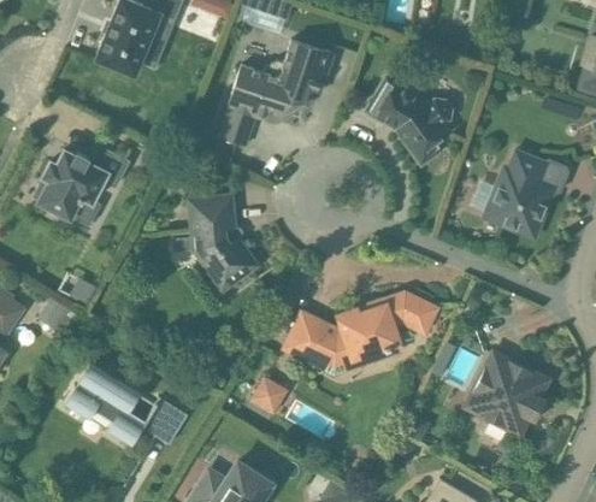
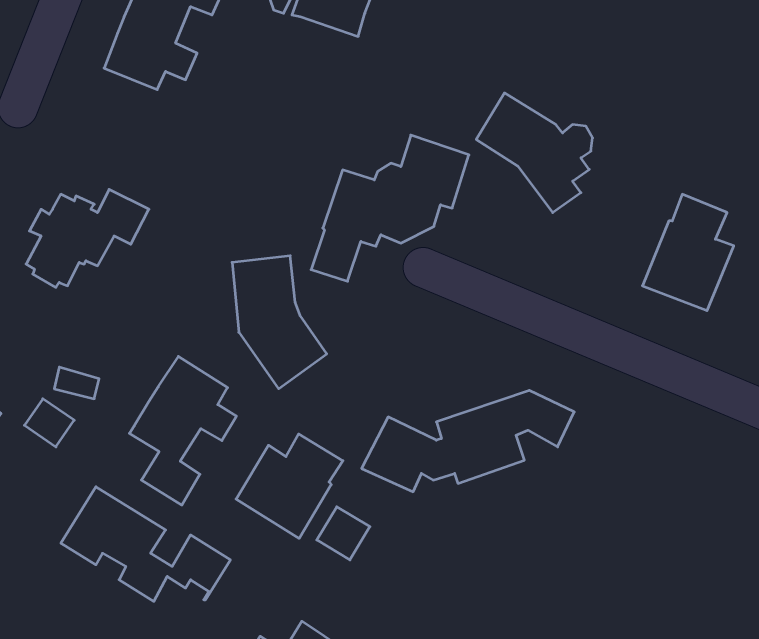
building: [219,40,334,146] -> [311,135,469,281]
building: none -> [129,356,236,505]
building: none -> [236,434,343,538]
building: [465,352,549,436] -> none

